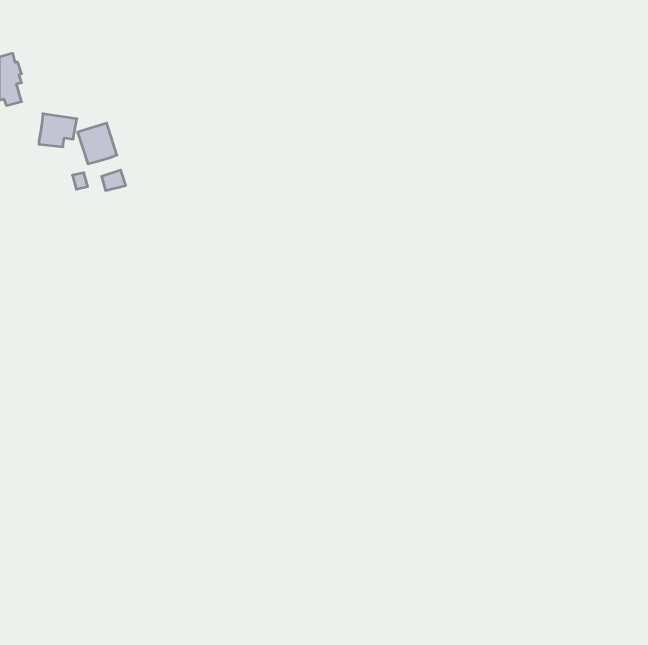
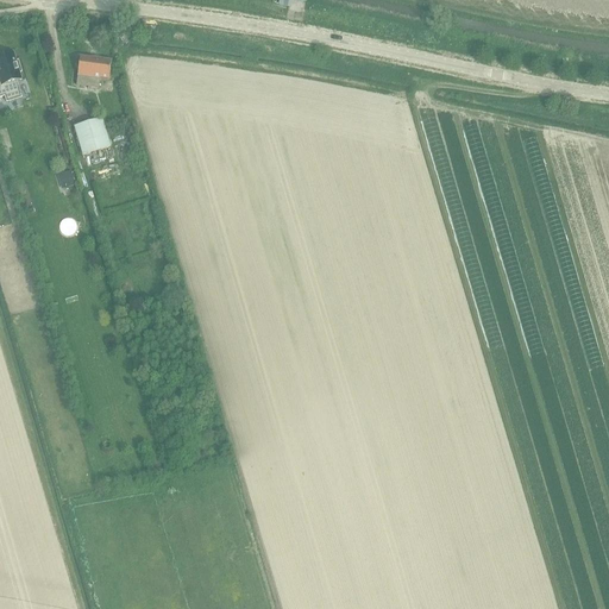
building: [39,114,77,147] -> [75,54,111,84]

